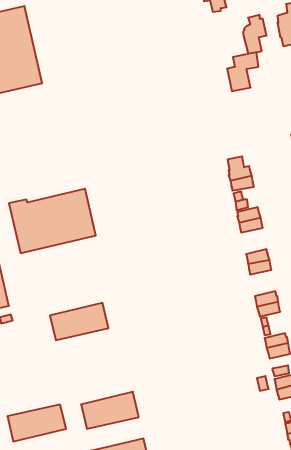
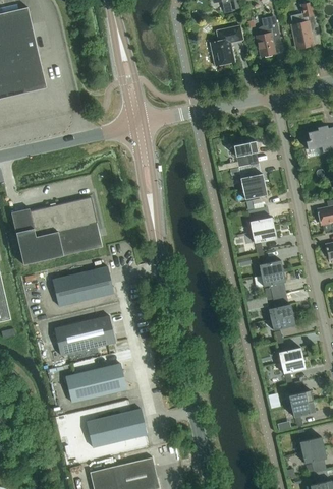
building: [227,52,258,91] -> [210,25,242,66]
building: none -> [233,141,258,167]
building: none -> [52,267,113,306]
building: [7,405,66,442] -> [65,364,126,403]

